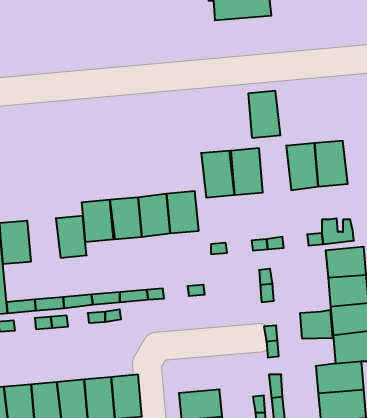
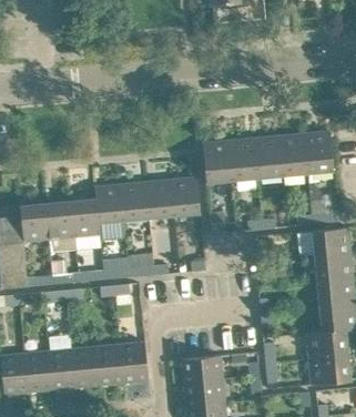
building: [248,91,280,138] -> [254,135,283,177]
building: none -> [45,201,77,252]
building: [300,310,333,339] -> none

